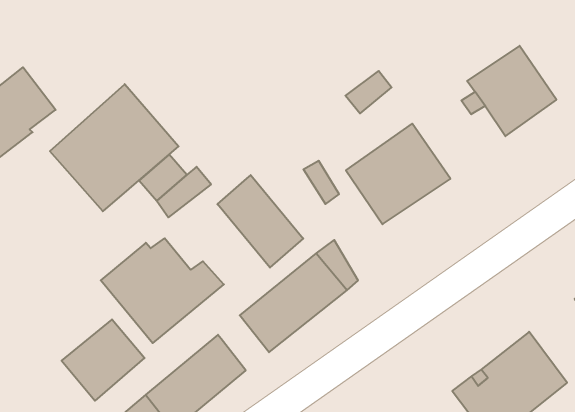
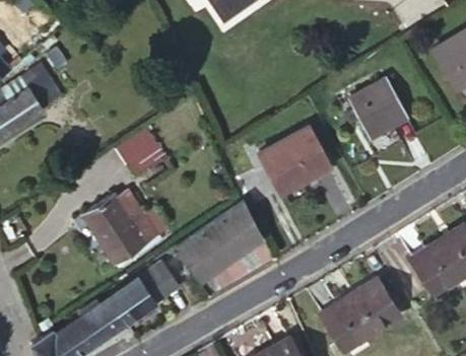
building: [50,84,179,211] -> none
building: [217,175,303,268] -> none
building: [62,319,145,401] -> none

